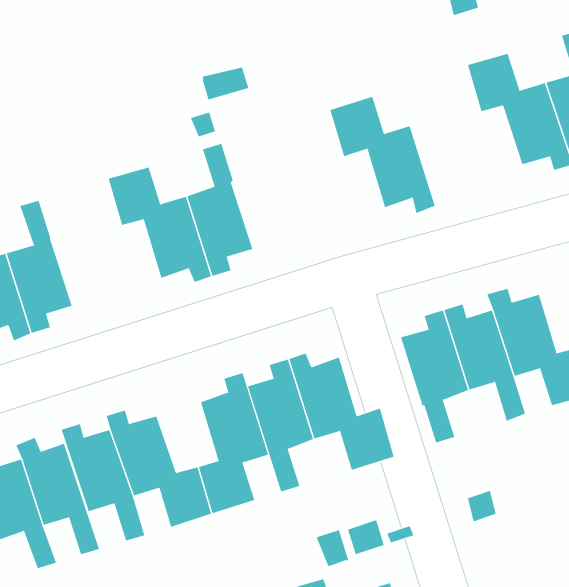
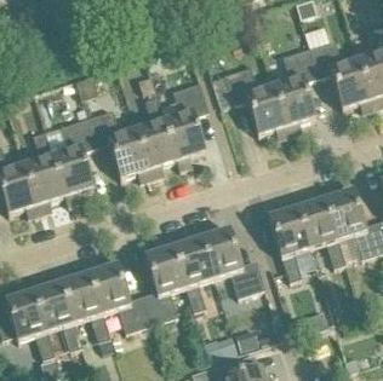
building: none -> [274,47,318,134]
building: none -> [164,82,208,169]
building: none -> [52,117,96,204]

